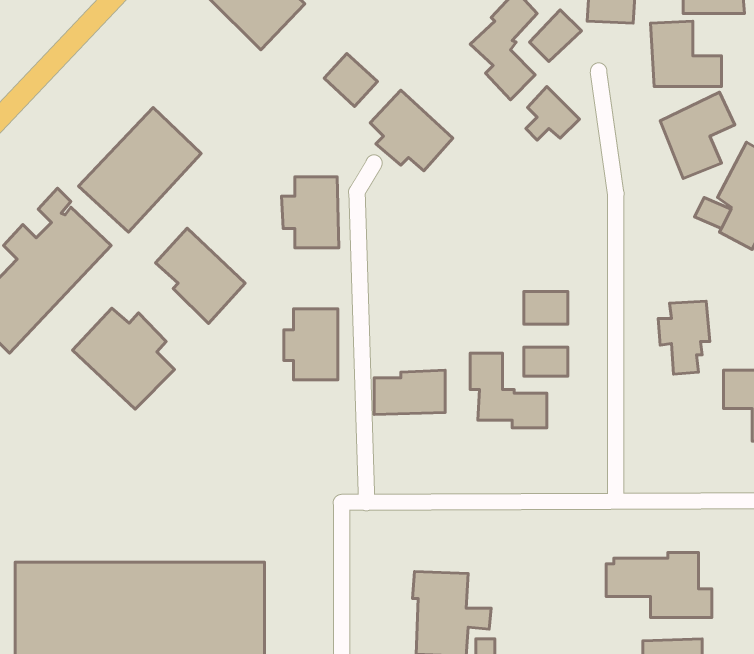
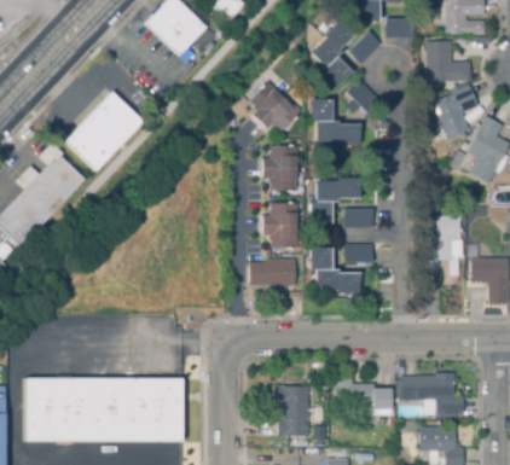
building: [324,54,377,106] -> none
building: none -> [312,98,360,144]
building: [281,177,339,248] -> [263,145,300,190]
building: [155,228,245,324] -> none
building: none -> [312,176,360,223]
building: [73,308,174,409] -> none
building: [284,309,338,380] -> [265,202,299,246]
building: none -> [336,377,394,424]

